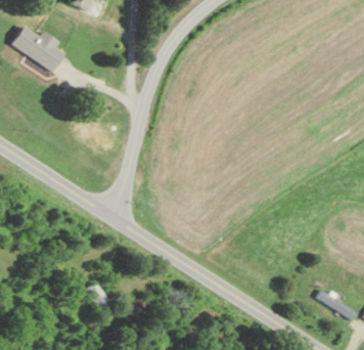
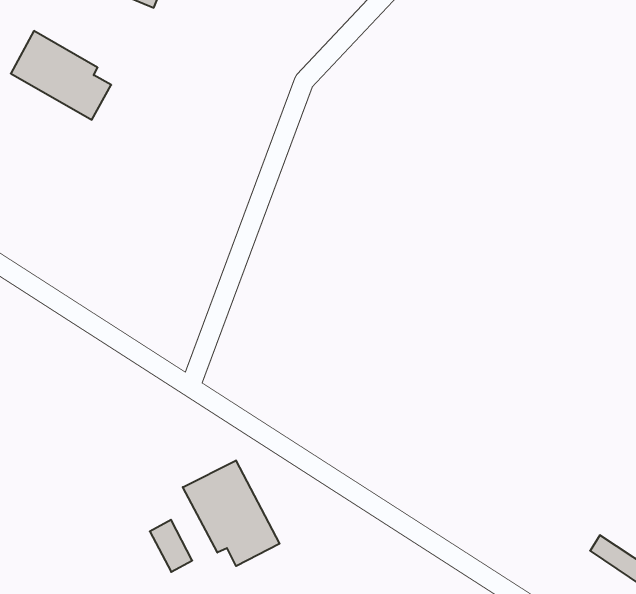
building: none -> [183,460,280,566]

